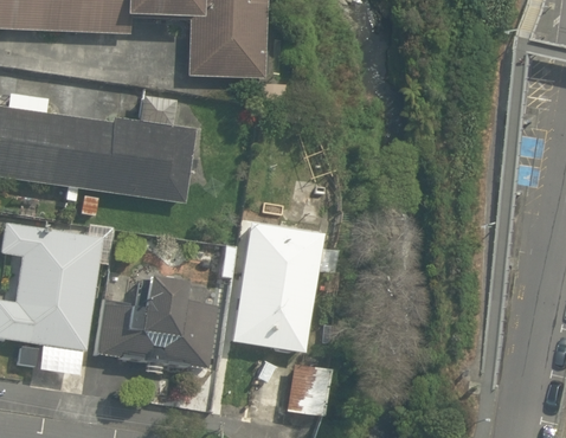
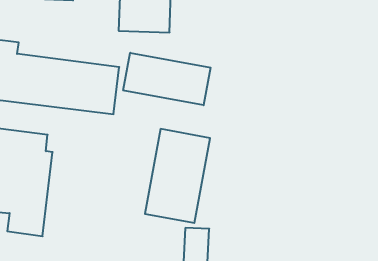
building: none -> [123,53,211,105]
building: [98,266,220,368] -> none

